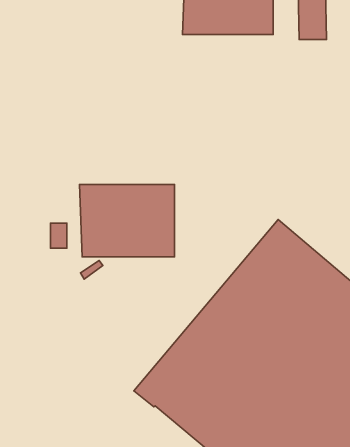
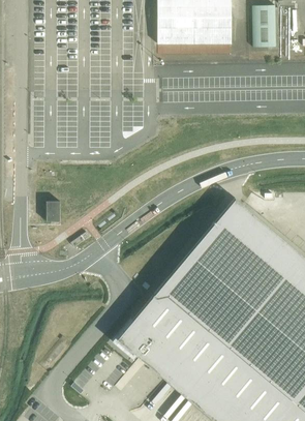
building: [79,184,175,257] -> none

